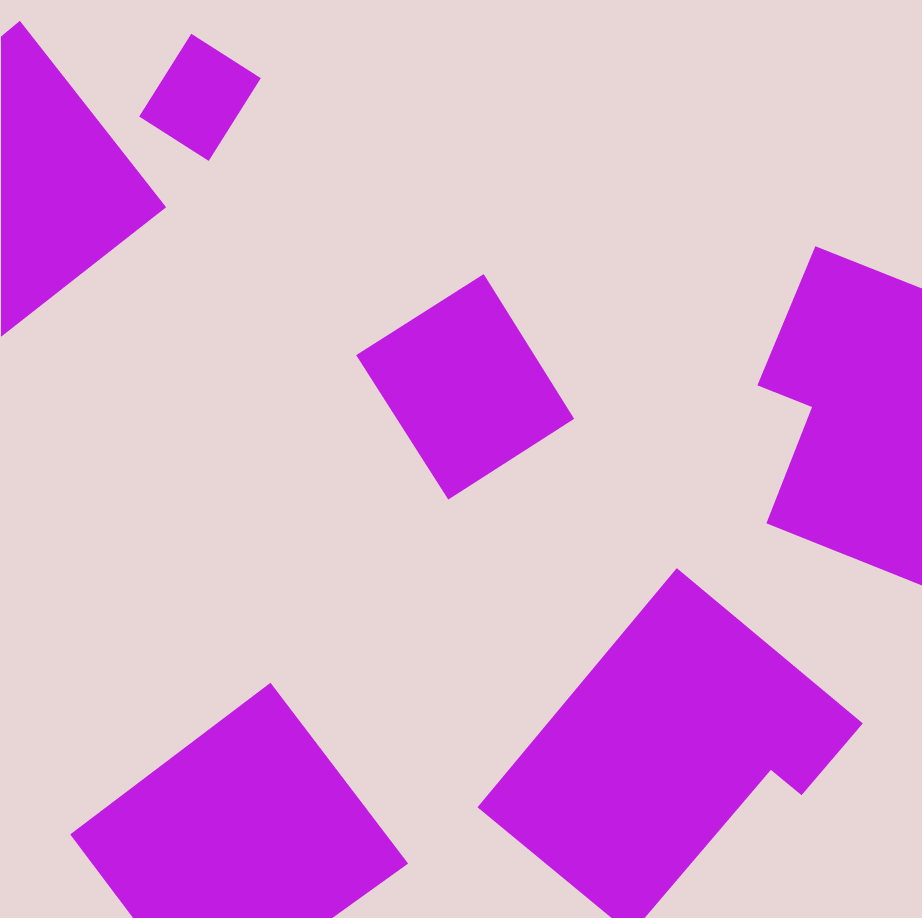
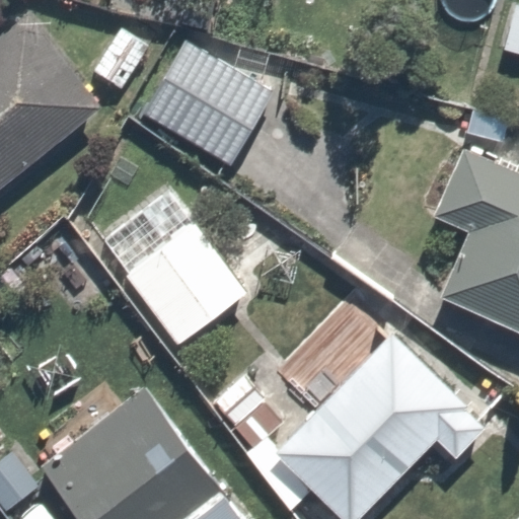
building: none -> [140,38,263,153]
building: [355,273,575,501] -> [122,224,244,351]

